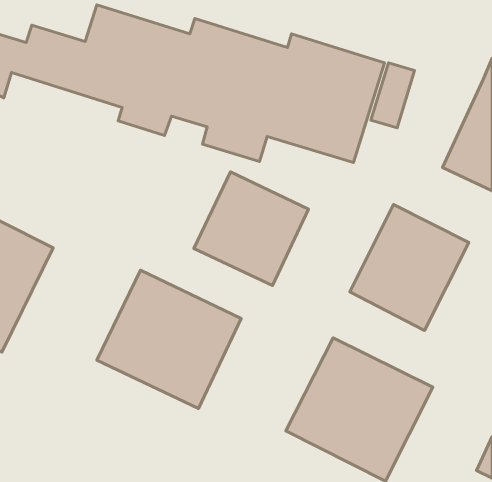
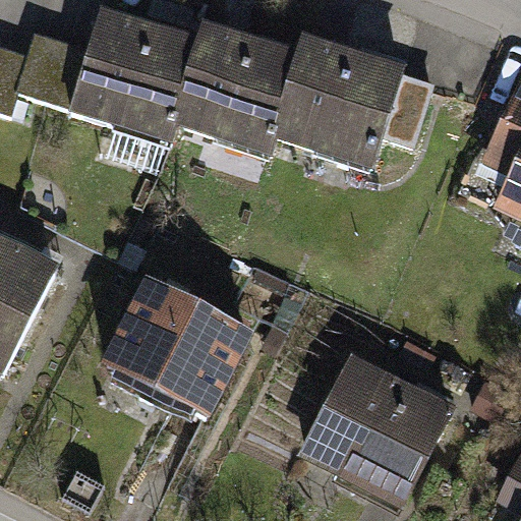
building: [194,172,309,285] -> none
building: [350,204,469,330] -> none

